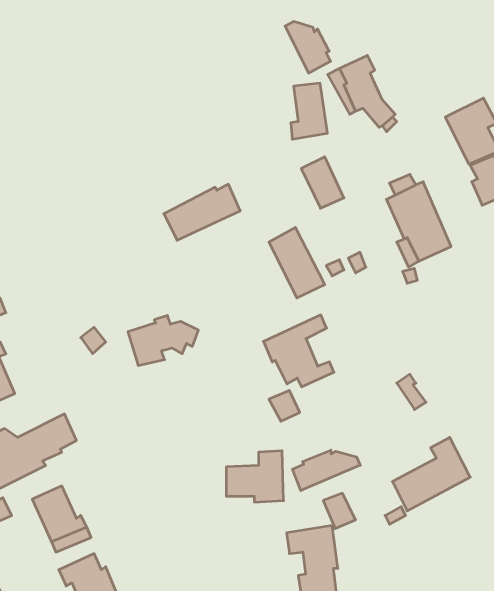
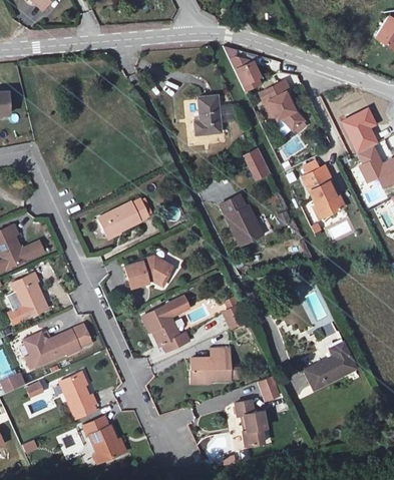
building: [291,83,327,139] -> [194,94,220,132]
building: [164,184,240,240] -> [98,198,150,236]
building: [263,315,334,387] -> [143,300,191,349]
building: [293,450,360,491] -> none

